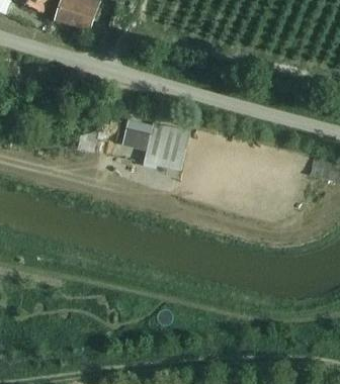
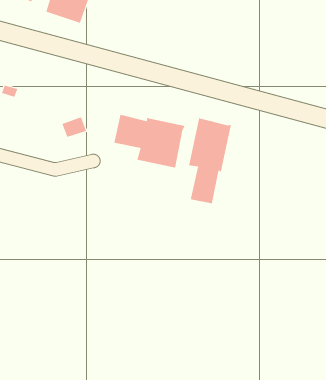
building: none -> [188,117,232,204]

